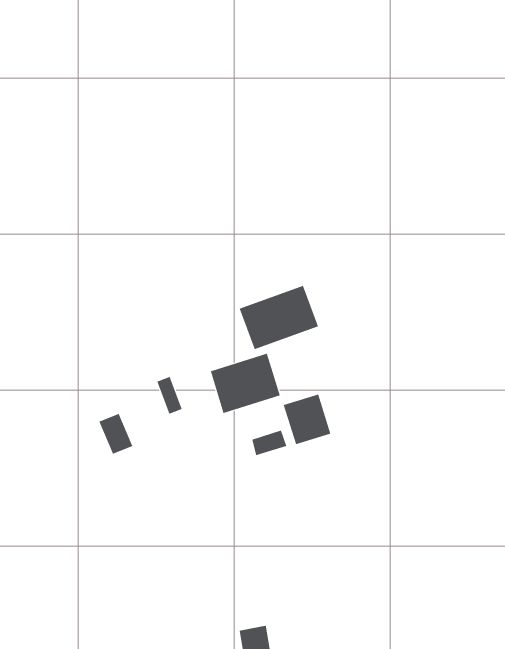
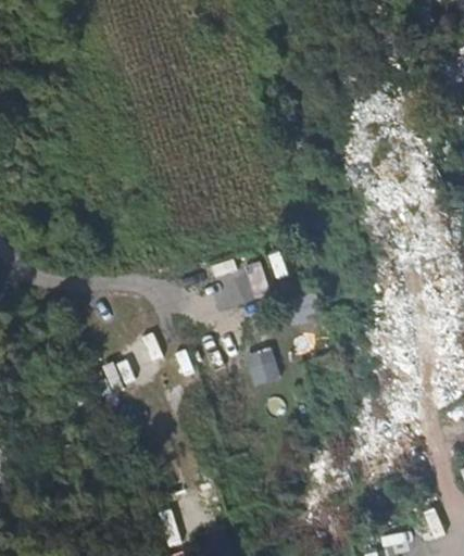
building: [210,353,280,414] -> none

